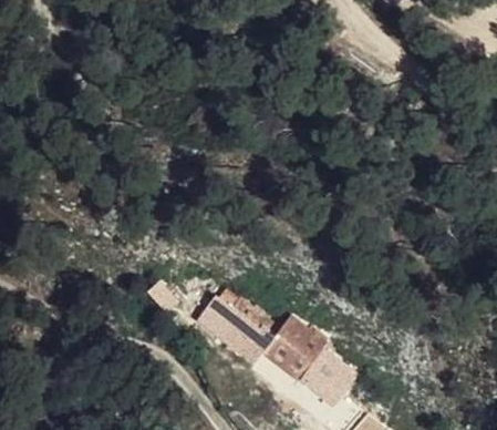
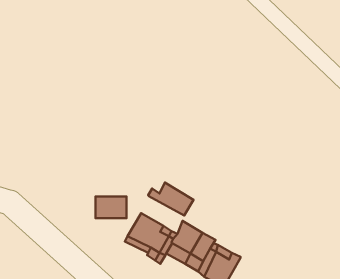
building: none -> [148,182,193,216]

